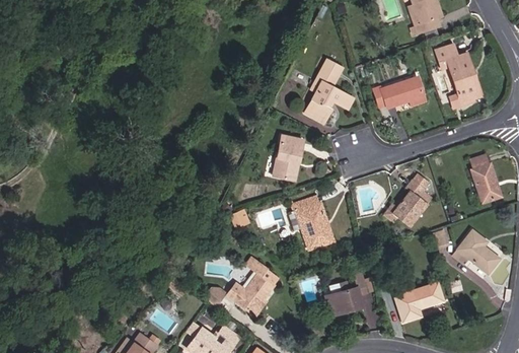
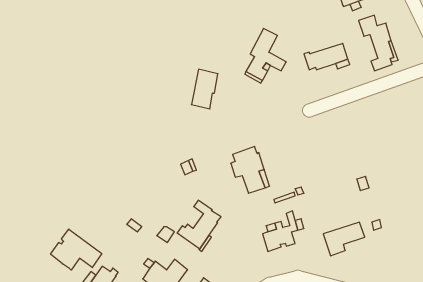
building: [273,135,303,181] -> [191,69,218,109]
building: [471,155,502,203] -> none
building: [383,173,432,227] -> none
building: [453,230,499,273] -> none
building: none -> [51,229,102,270]

